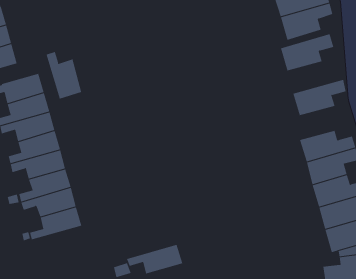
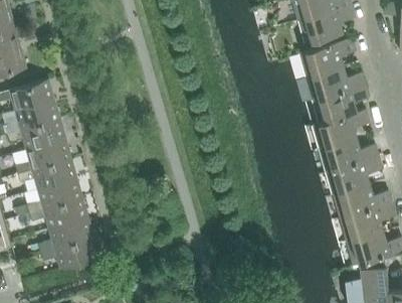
building: [46,51,82,99] -> none
building: none -> [307,66,366,100]
building: none -> [313,110,369,148]
building: [126,244,183,274] -> [40,238,99,269]

